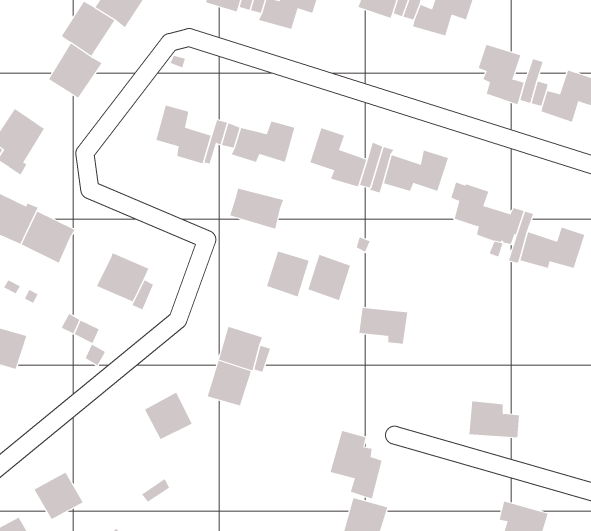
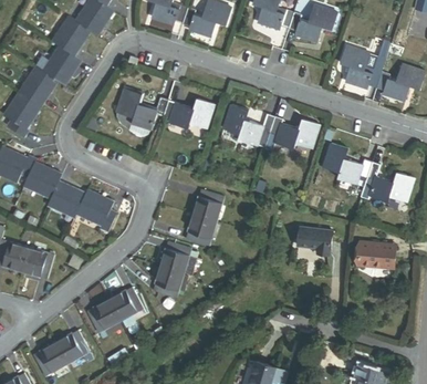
building: none -> [20,66,58,105]
building: [230,188,284,230] -> none
building: none -> [48,180,86,217]
building: [308,254,351,301] -> [186,214,216,246]
building: [359,307,408,344] -> [298,227,332,252]
building: none -> [21,248,54,279]
building: [468,401,520,438] -> [358,242,394,268]
building: none -> [86,299,121,332]
building: [330,430,382,499] -> none
building: none -> [55,330,90,363]

